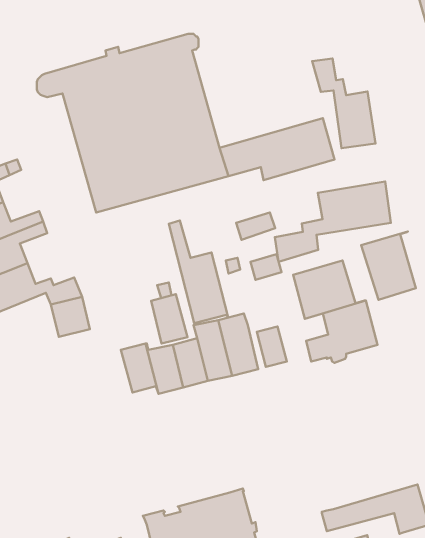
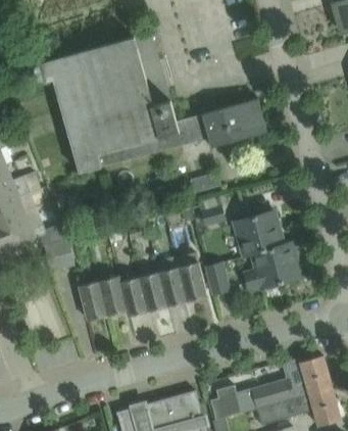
building: [312,58,375,148] -> none
building: [275,182,391,262] -> none
building: [169,221,228,323] -> none
building: [361,231,416,300] -> none
building: [151,294,188,344] -> [79,281,107,320]
building: none -> [251,355,332,409]
building: none -> [209,385,241,419]

